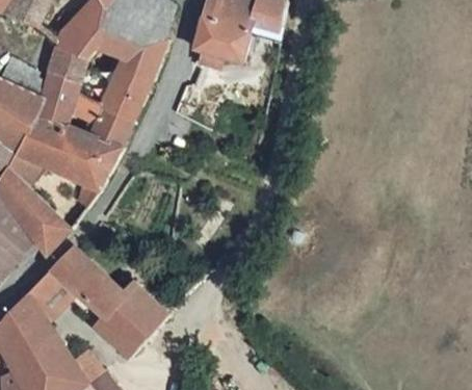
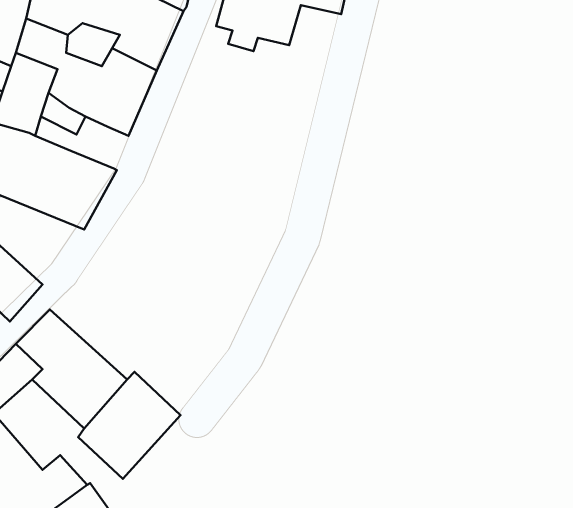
building: [91,109,132,146] -> none

